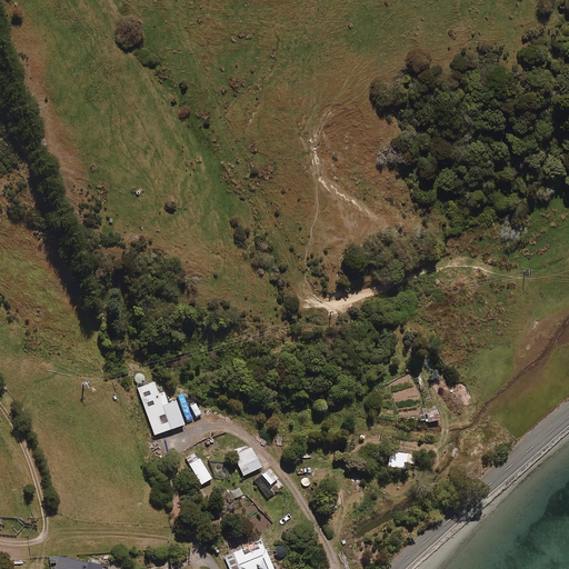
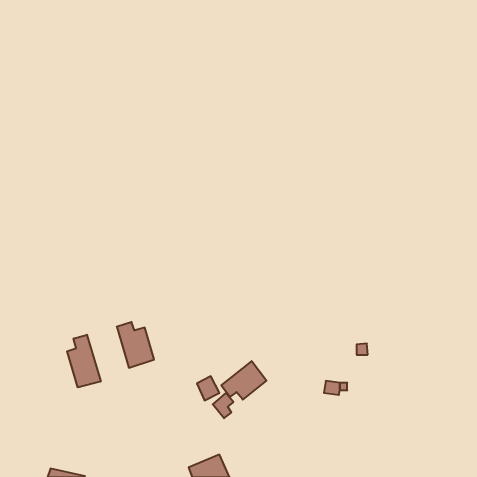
building: none -> [67,335,101,387]
building: none -> [221,361,266,400]

